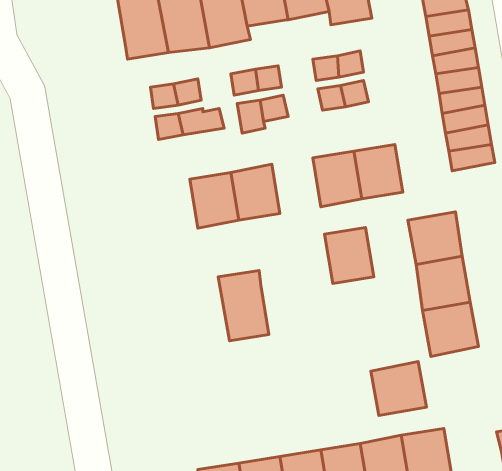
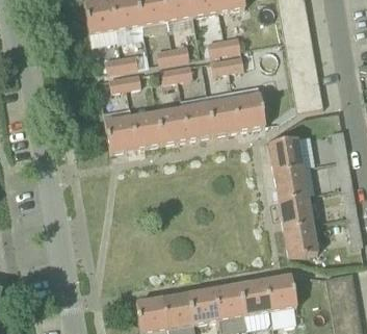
building: [325,228,374,283] -> [184,103,215,138]
building: [218,270,269,341] -> [105,107,137,152]
building: [371,361,426,416] -> [285,223,320,257]

